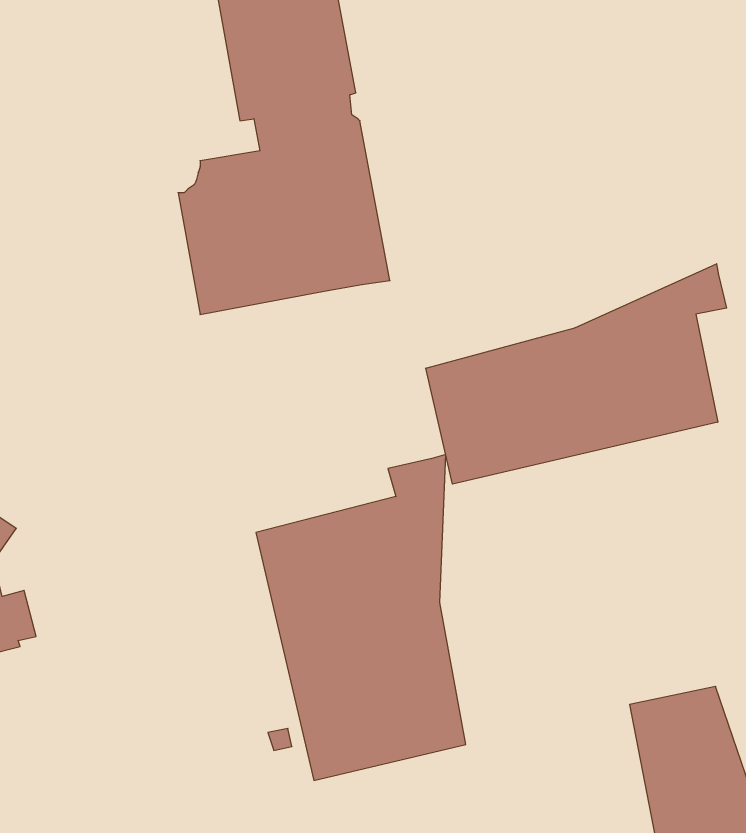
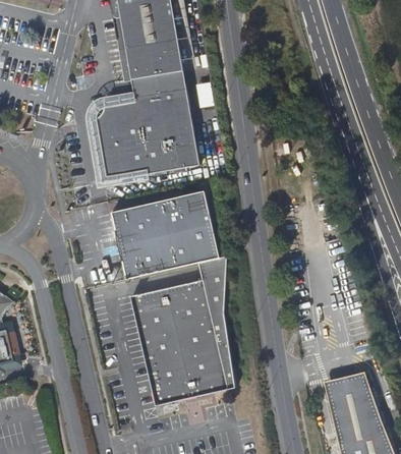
building: [426,264,727,484] -> none
building: none -> [113,190,221,278]

